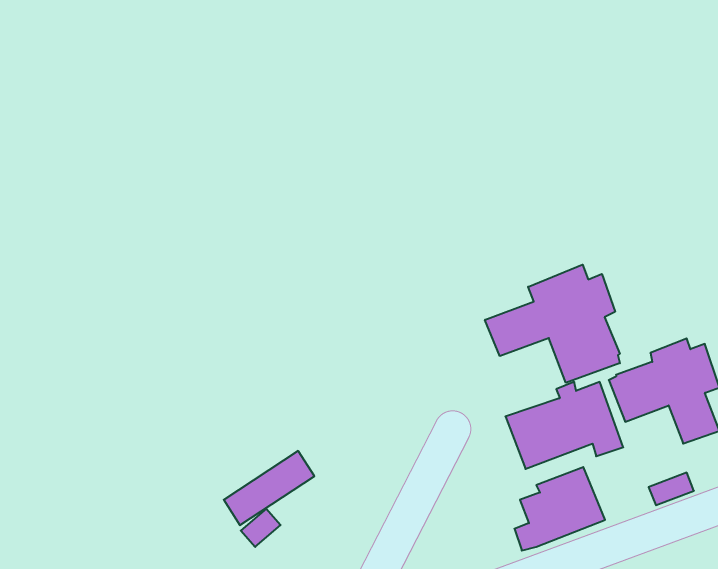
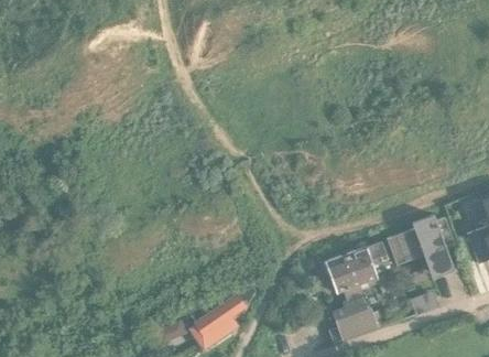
building: [485,265,620,383] -> none
building: [224,451,314,525] -> [193,293,248,338]

